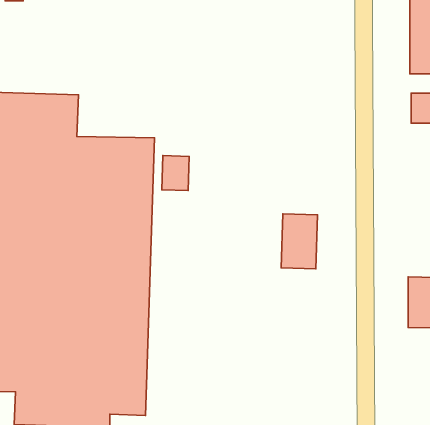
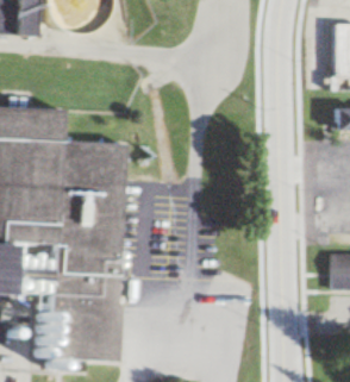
building: [162,156,189,191] -> none
building: [281,214,317,269] -> none

